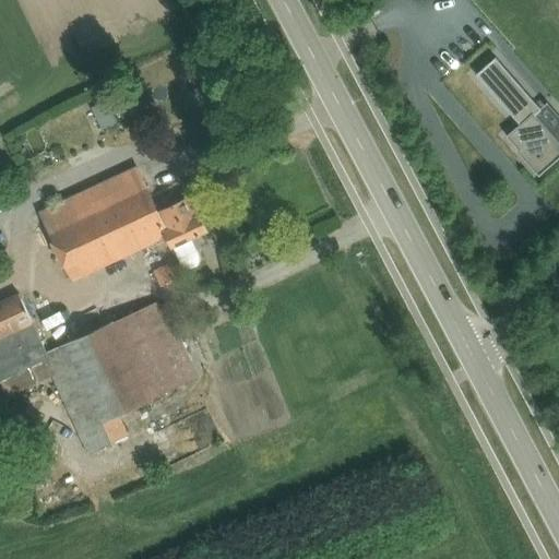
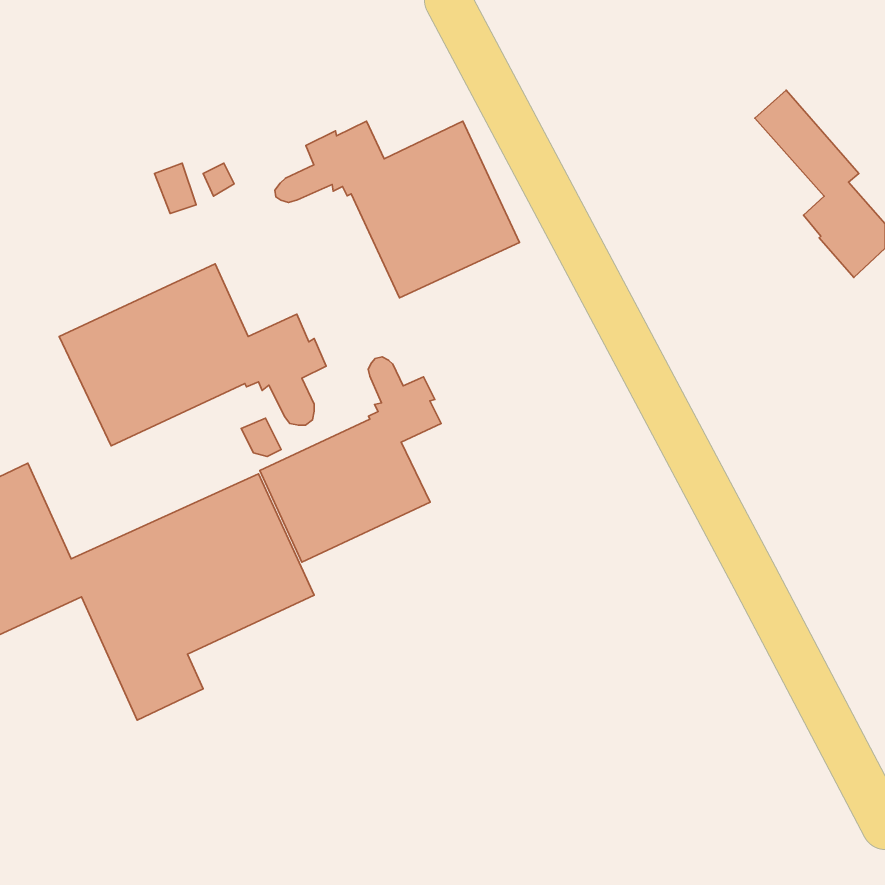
building: none -> [275,121,520,298]
building: none -> [260,357,441,562]

